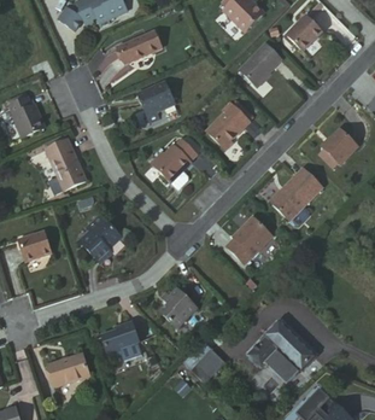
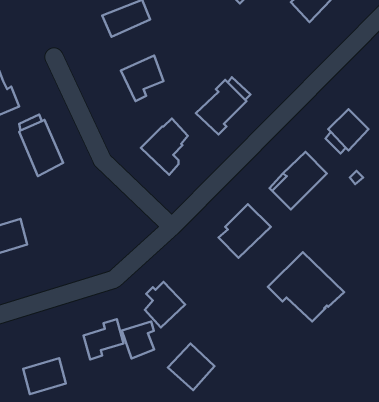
building: [241,41,286,86] -> none
building: [81,211,122,262] -> none
building: none -> [122,322,154,359]
building: [250,321,318,384] -> [268,252,344,322]

